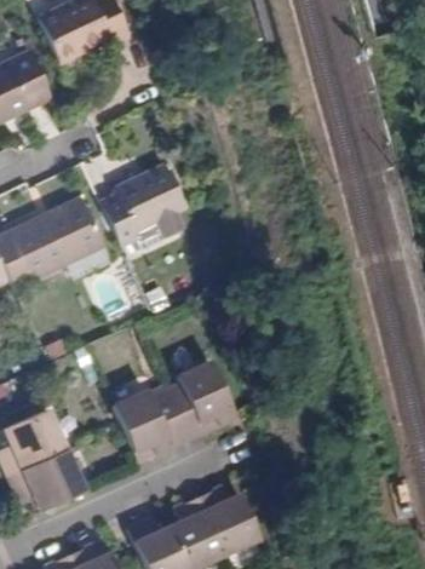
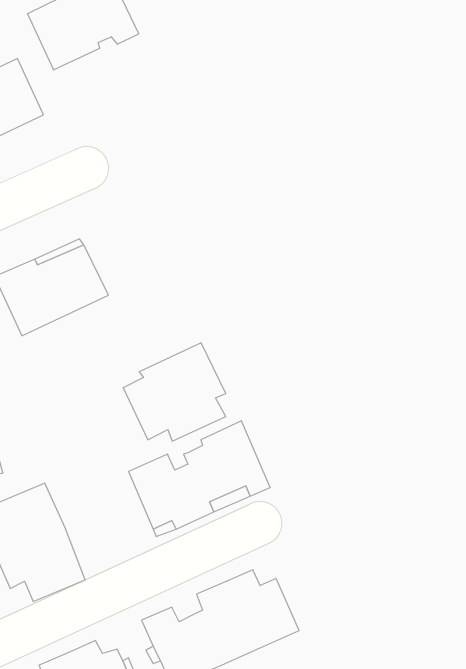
building: [100,167,186,249] -> [123,343,226,441]

